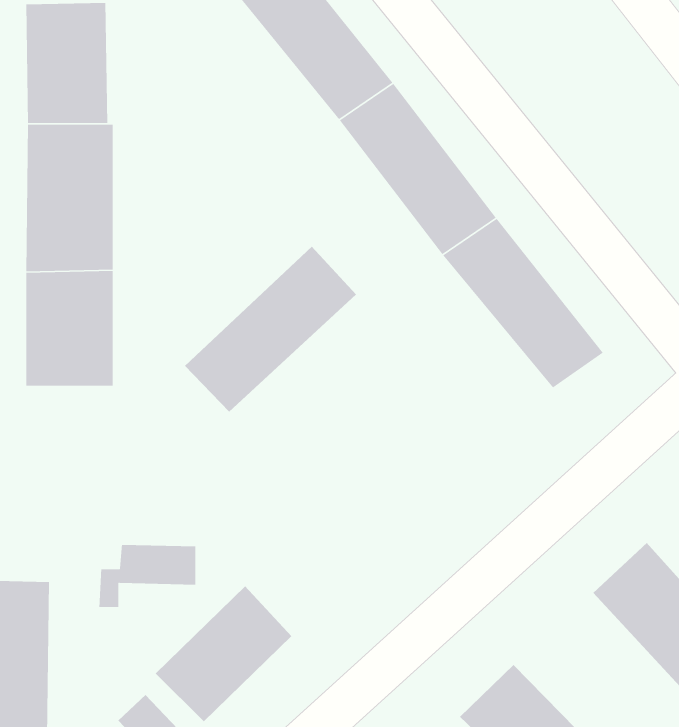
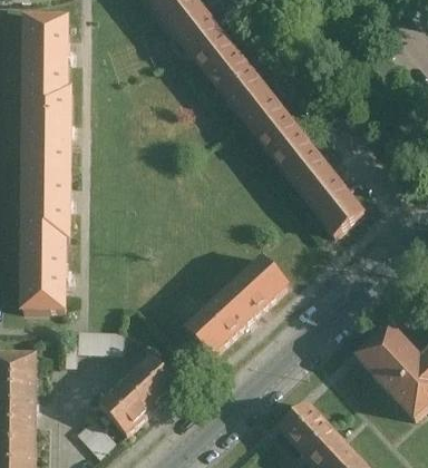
building: [184,246,357,413] -> [185,254,288,353]
building: none -> [20,232,69,303]

